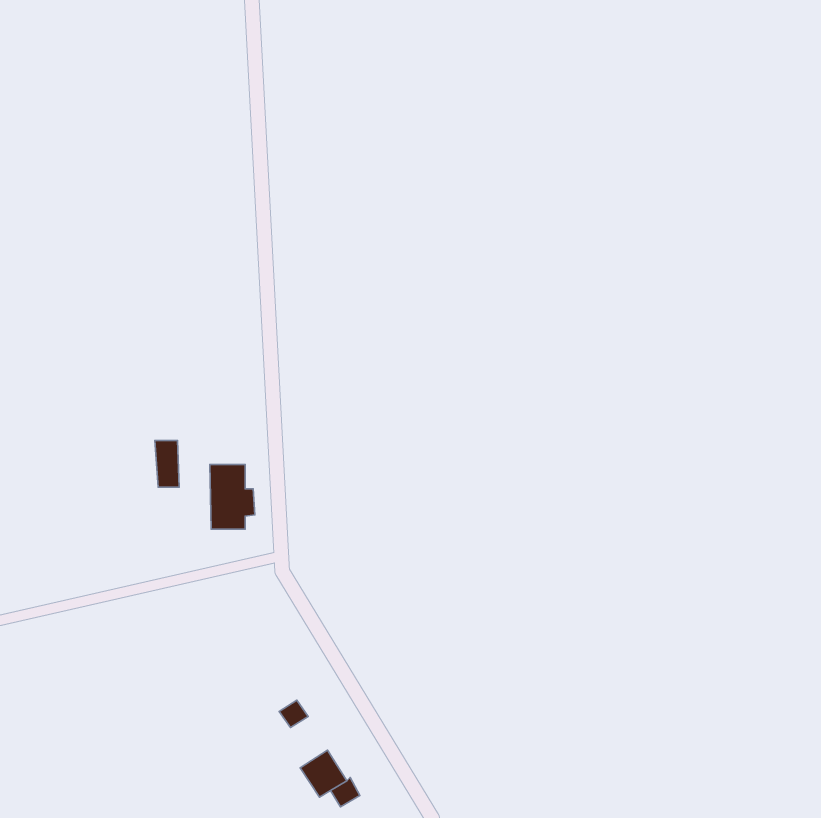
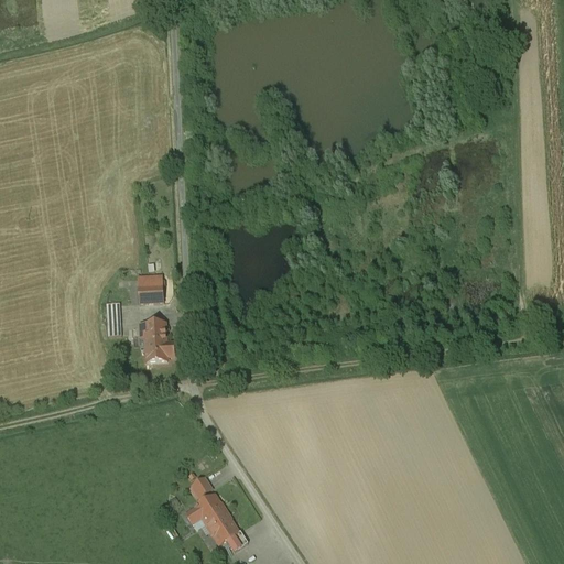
building: none -> [135,274,162,303]
building: none -> [194,496,224,524]

